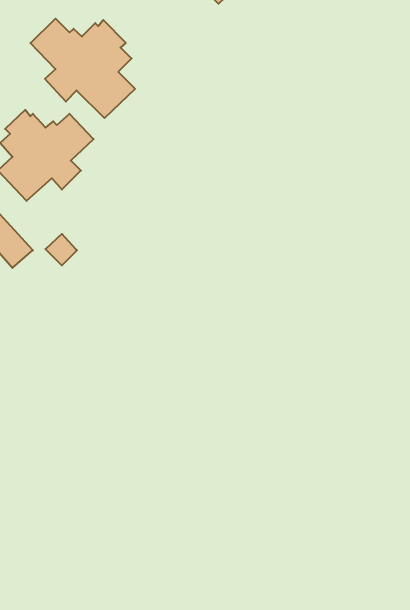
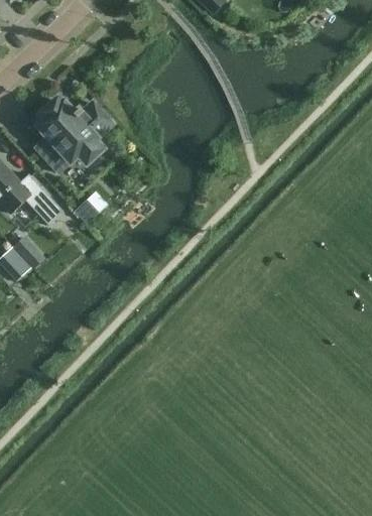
building: [30,19,135,118] -> none

